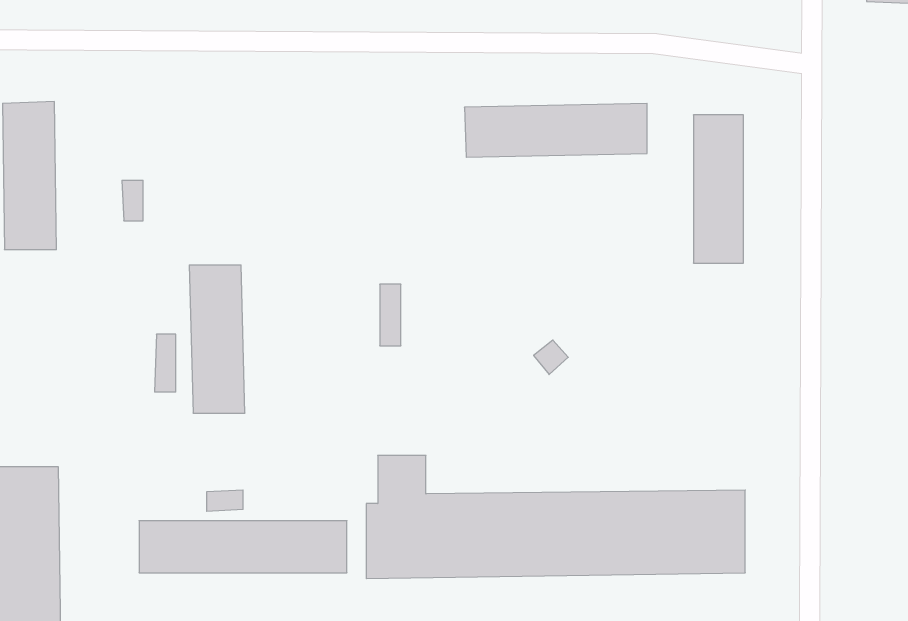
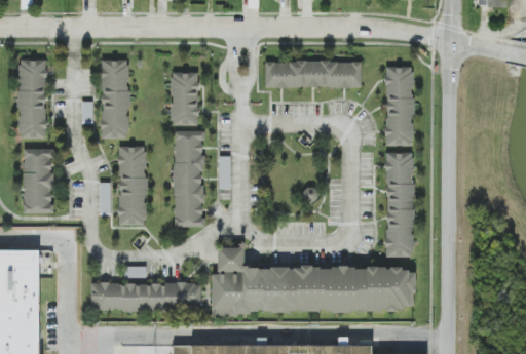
building: none -> [101,58,128,137]
building: none -> [171,72,198,125]
building: none -> [174,130,203,227]
building: none -> [24,148,54,212]
building: none -> [386,152,413,255]

